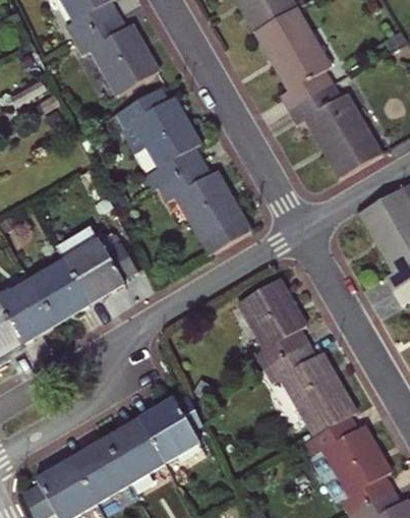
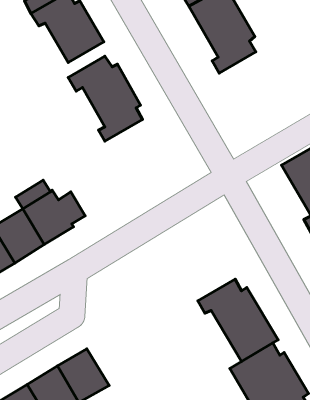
building: [289,81,380,176] -> none
building: [159,159,249,253] -> none
building: [237,278,307,365] -> none
building: [138,396,201,462] -> none

